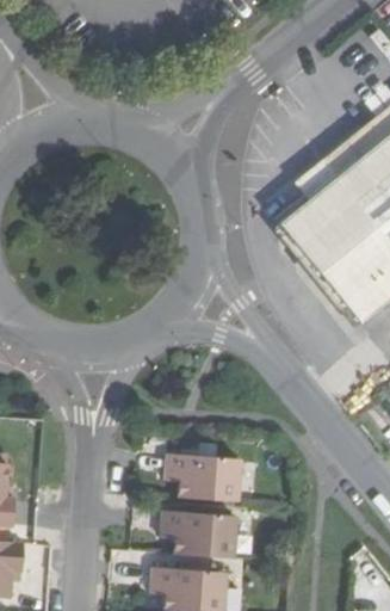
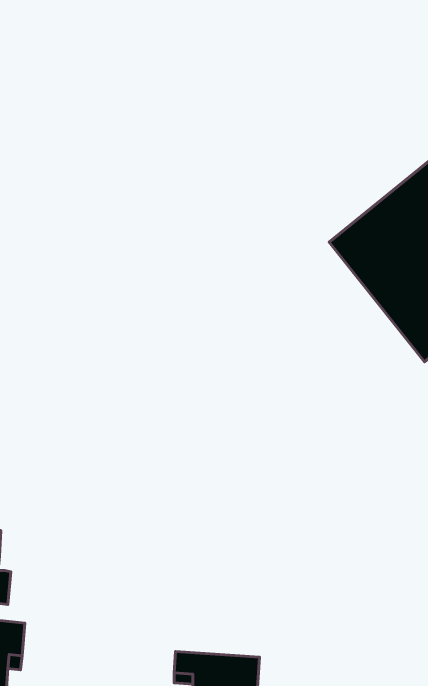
building: [165,452,241,502] -> none
building: [161,508,237,557] -> none

